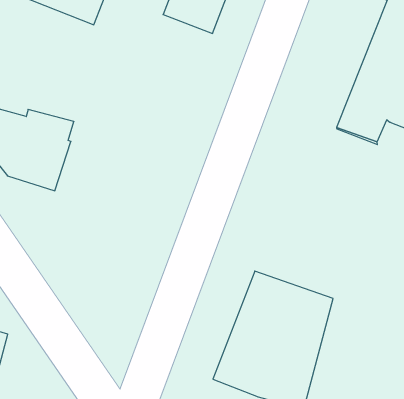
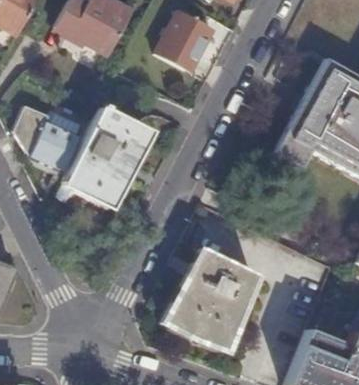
building: none -> [62,106,149,207]

